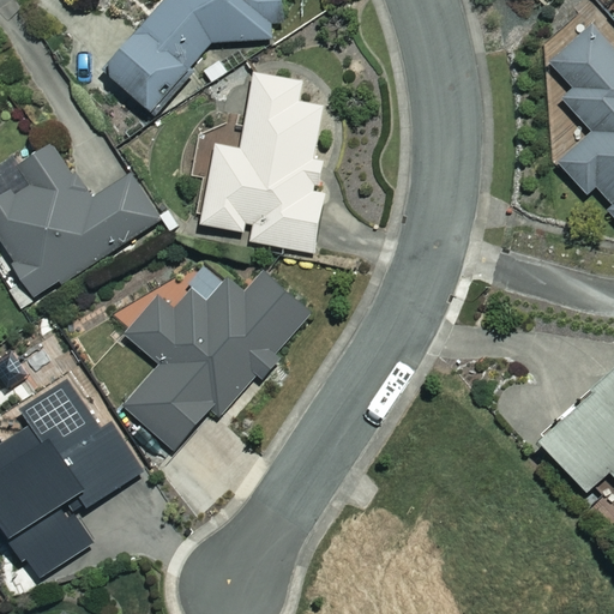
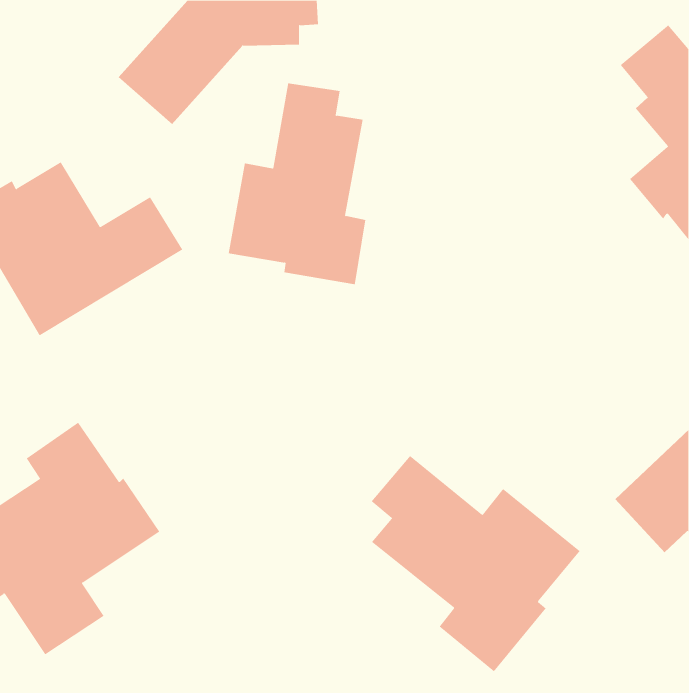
building: [124,270,312,450] -> none
building: none -> [371,455,580,672]

